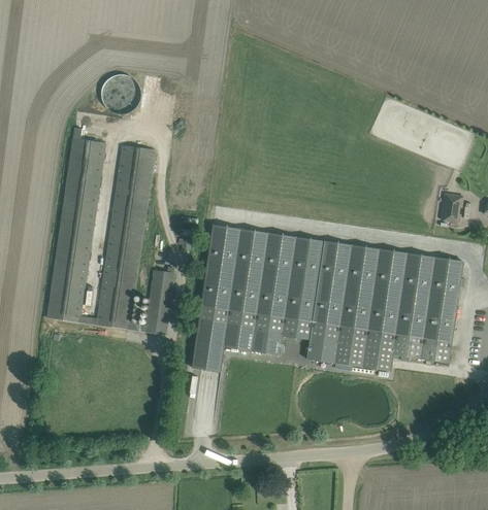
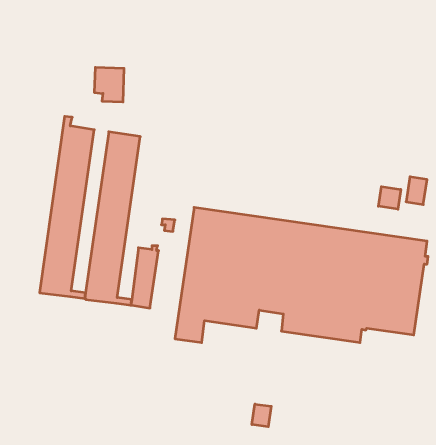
building: none -> [378,187,401,209]
building: none -> [252,404,271,427]

